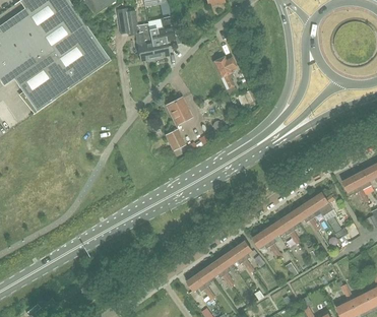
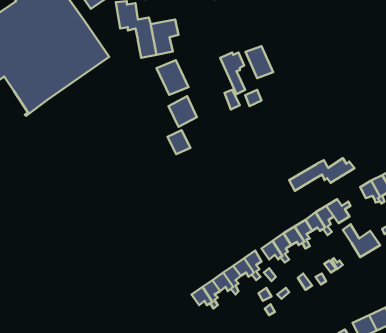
building: none -> [245,46,273,78]
building: none -> [156,60,189,95]
building: none -> [289,158,354,191]

